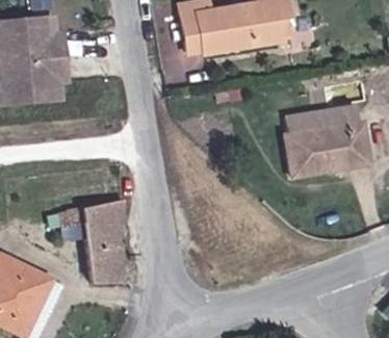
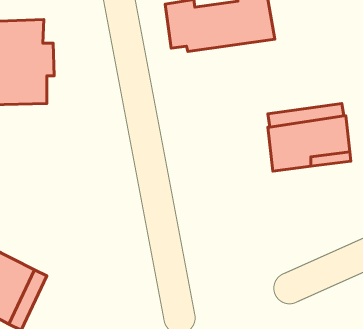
building: [59,203,123,281] -> none

